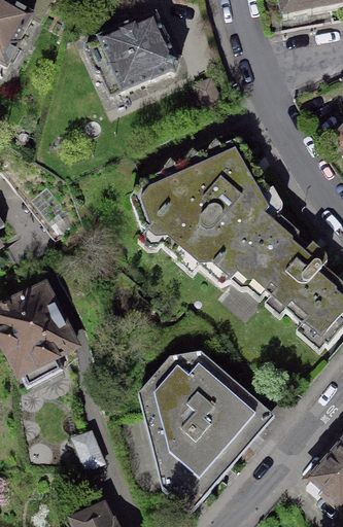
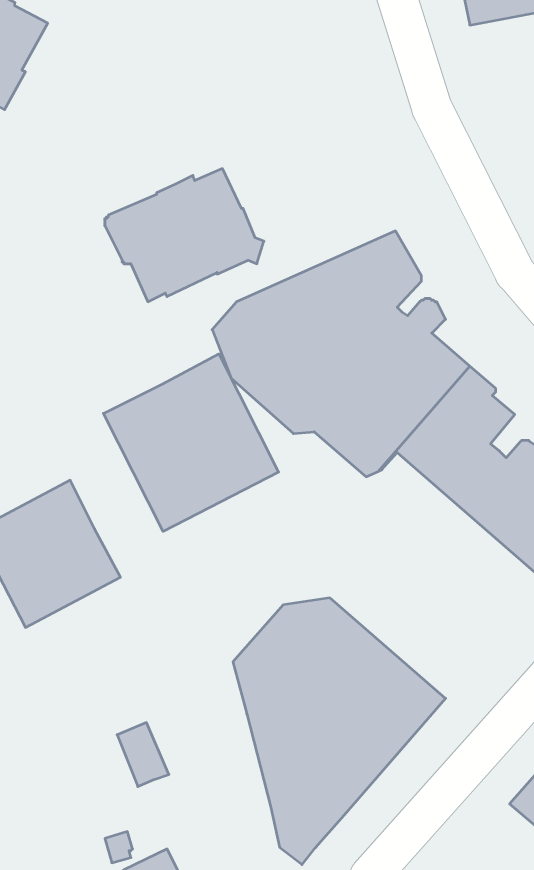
building: [84,15,179,95] -> [105,169,264,302]
building: none -> [103,354,279,531]

